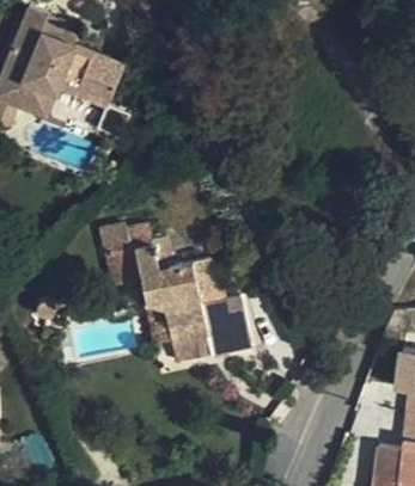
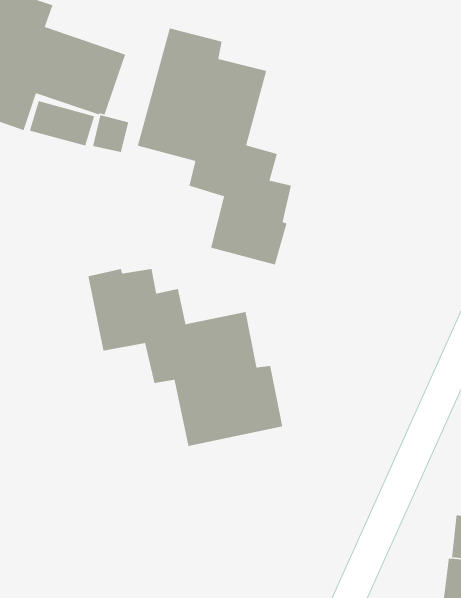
building: none -> [137,28,292,265]

